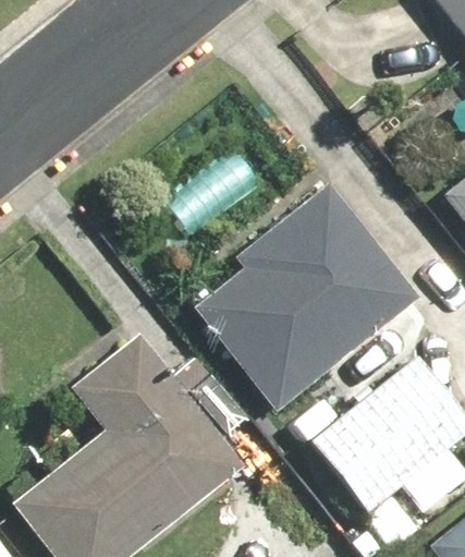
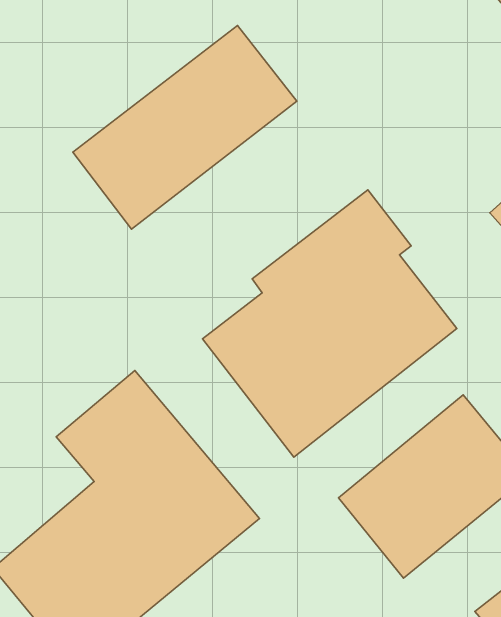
building: none -> [73,26,297,229]

